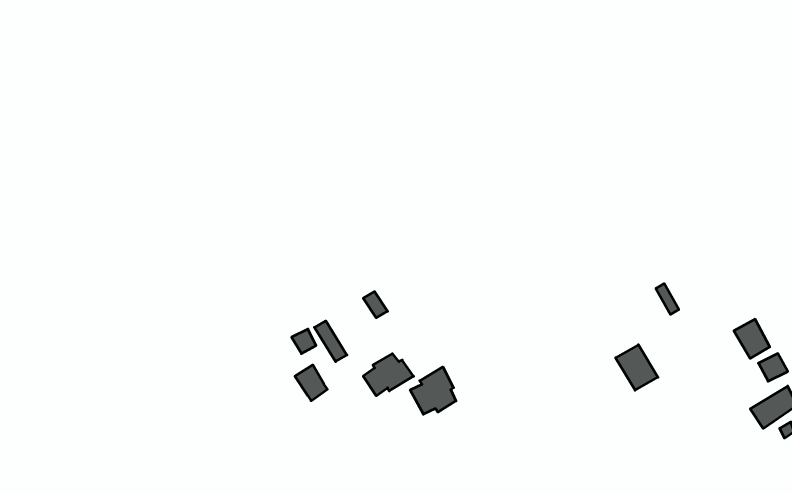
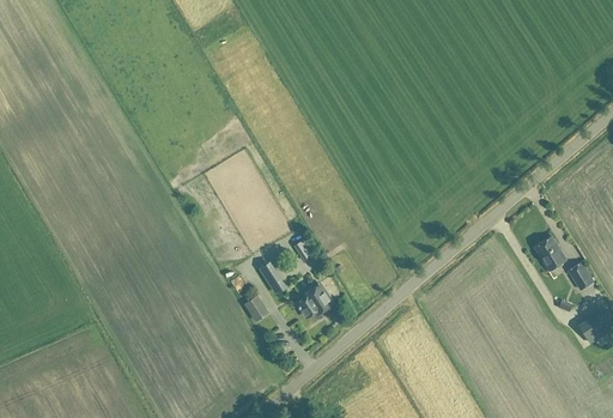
building: [616,345,658,390] -> [536,236,568,269]
building: [410,367,456,414] -> none

